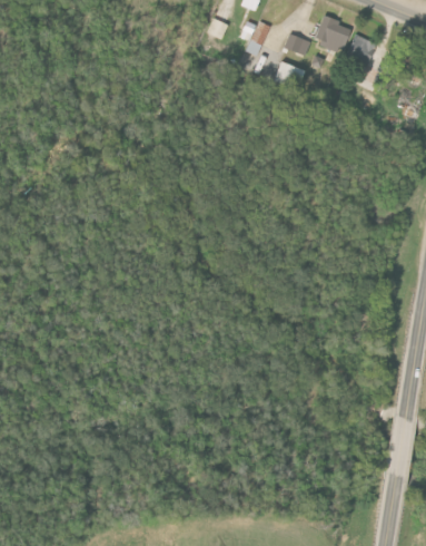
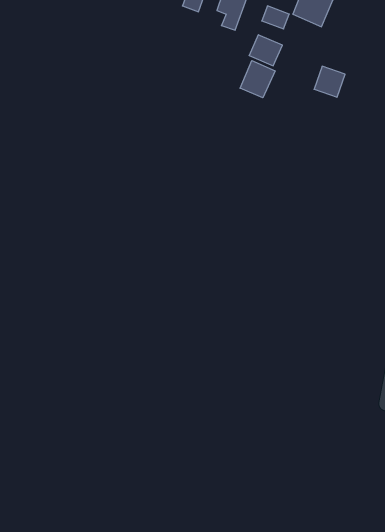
building: [346,33,376,64] -> [314,66,345,97]
building: none -> [240,61,275,98]

